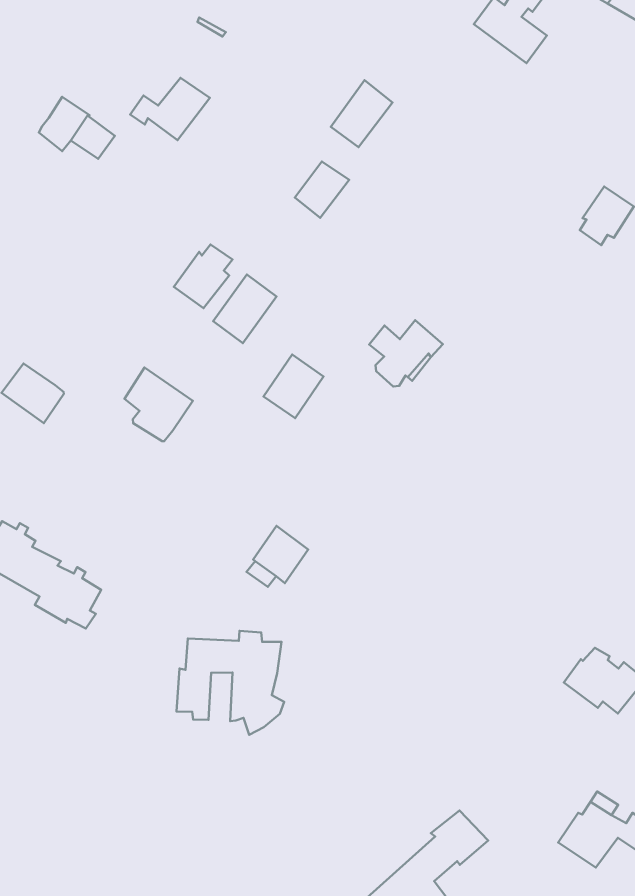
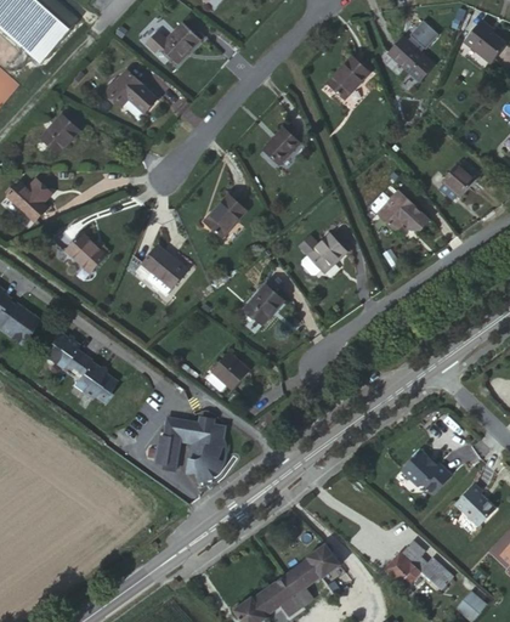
building: [130,78,210,140] -> [149,23,200,62]
building: [331,80,392,147] -> [329,55,369,96]
building: none -> [374,190,430,230]
building: [174,244,232,308] -> none
building: [264,355,324,418] -> [245,283,284,323]

